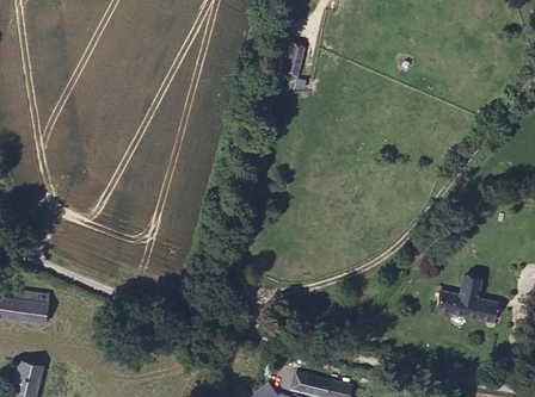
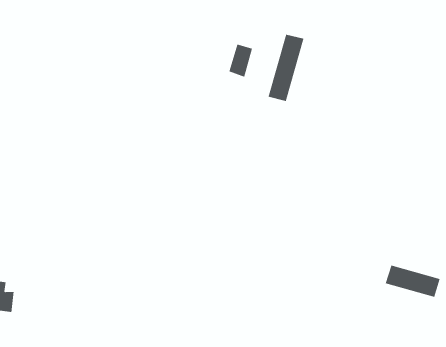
building: none -> [268,34,304,102]

